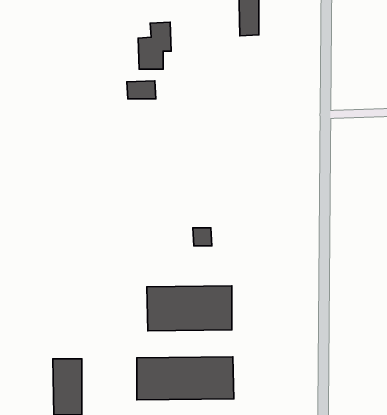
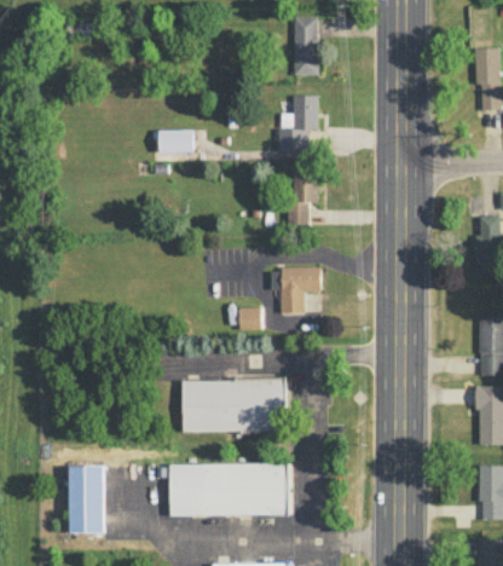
building: [138,22,171,69] -> [278,96,318,152]
building: none -> [290,171,318,226]
building: none -> [271,268,320,314]

